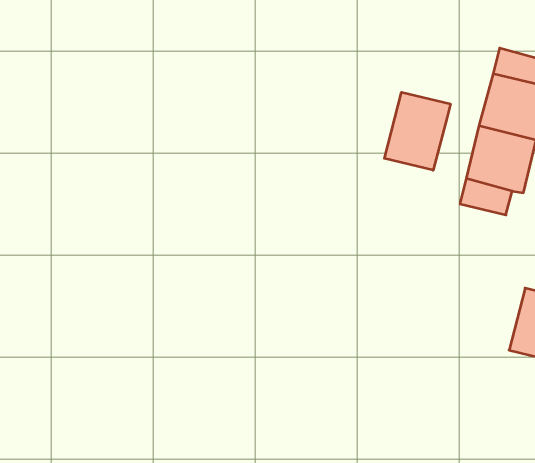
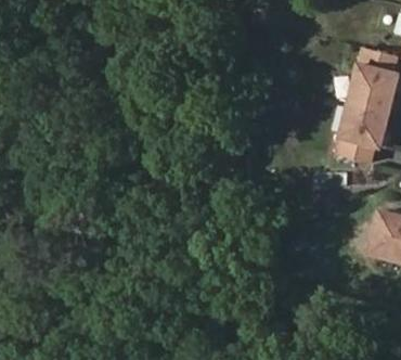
building: [384,92,450,170] -> none

